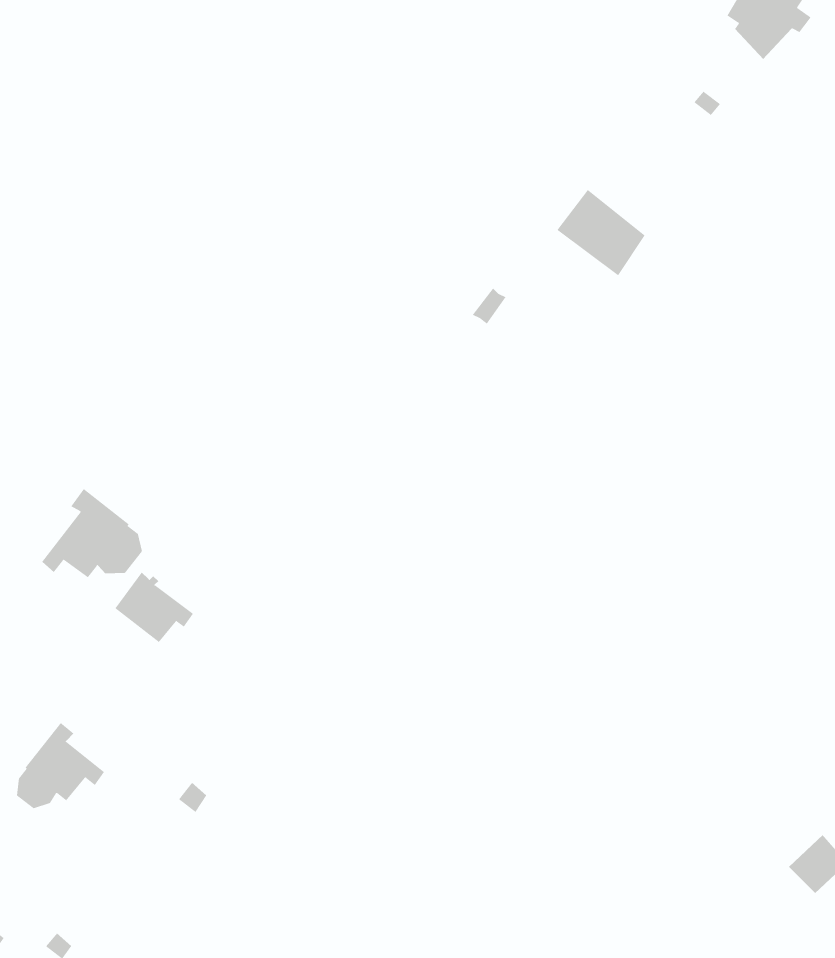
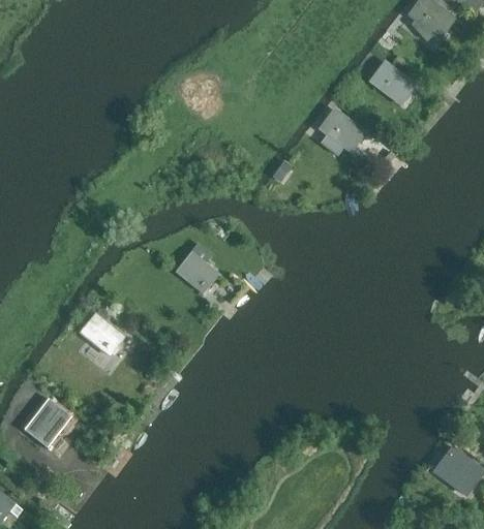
building: none -> [368,60,417,105]
building: none -> [175,247,218,293]
building: [41,488,142,578] -> none

